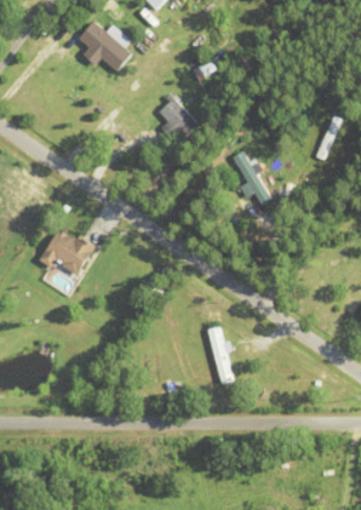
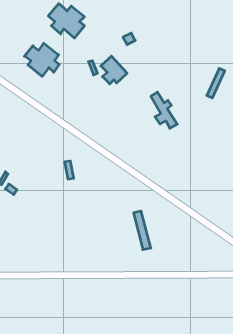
building: none -> [24,43,59,76]
building: [40,229,94,274] -> none

